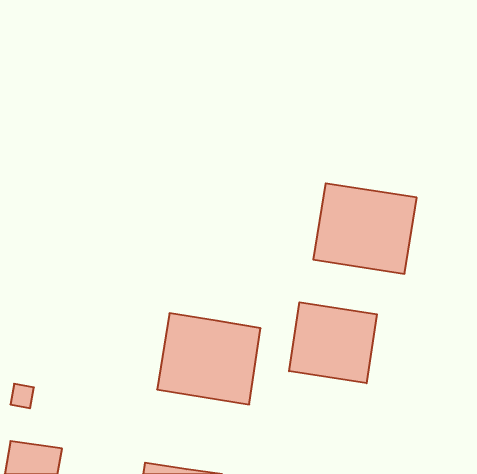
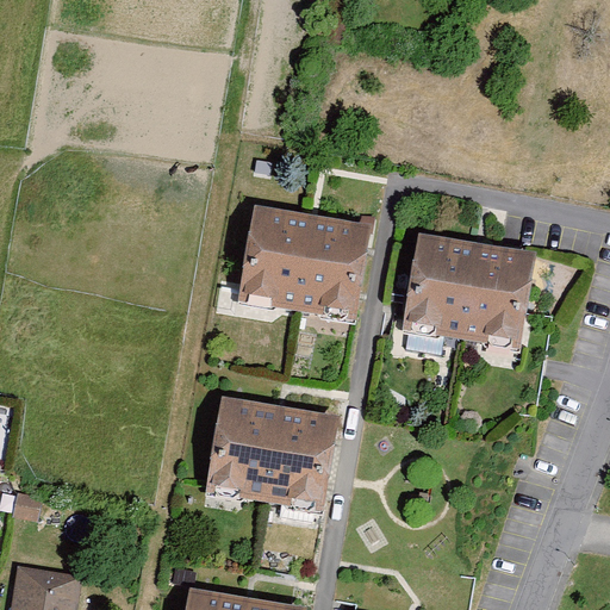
building: none -> [237,206,368,320]
building: [289,302,377,383] -> none

